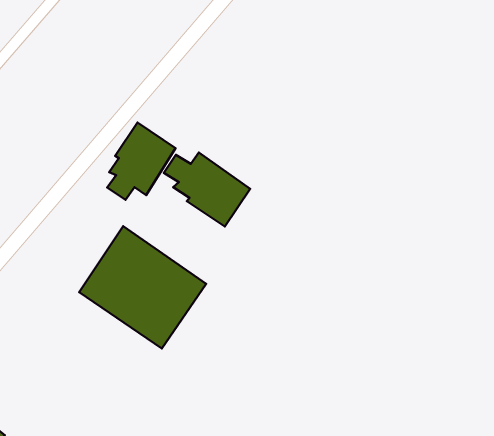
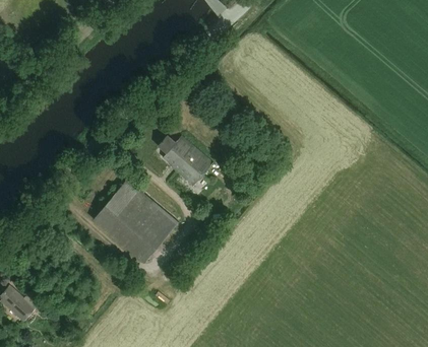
building: [107,123,176,200] -> none

